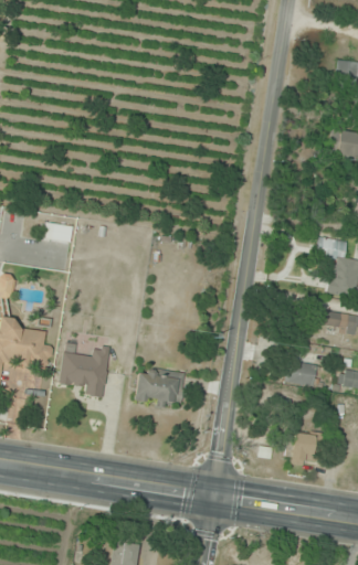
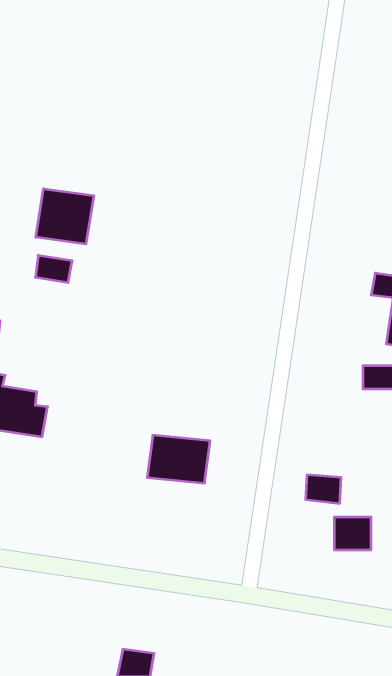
building: none -> [36,189,94,244]
building: [60,342,112,397] -> none
building: [287,362,316,385] -> [306,475,341,503]

